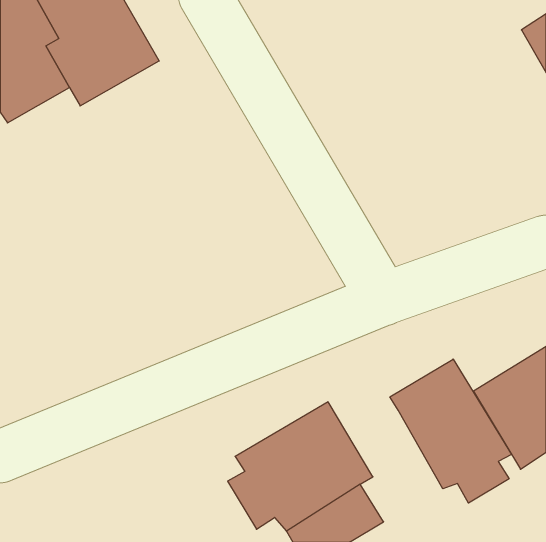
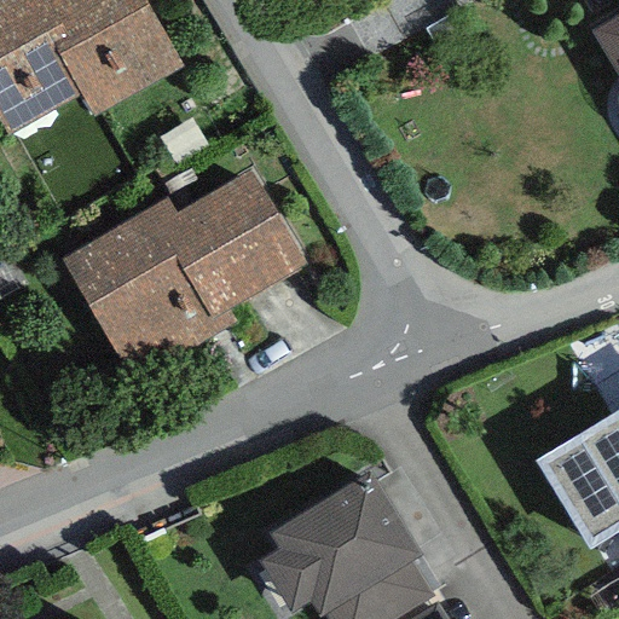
building: none -> [63,175,302,383]
building: [390,359,511,503] -> none

